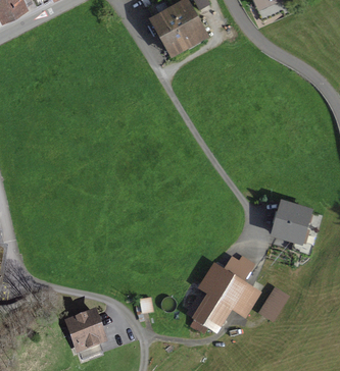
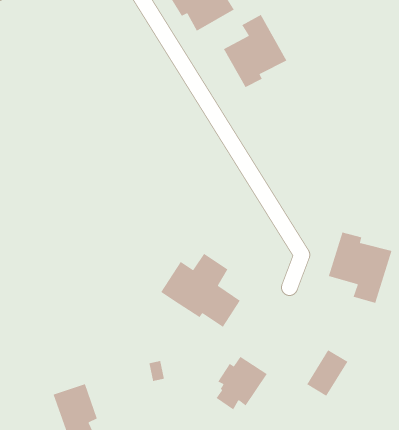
building: none -> [223,14,288,88]
building: [198,258,258,314] -> [160,253,241,328]

